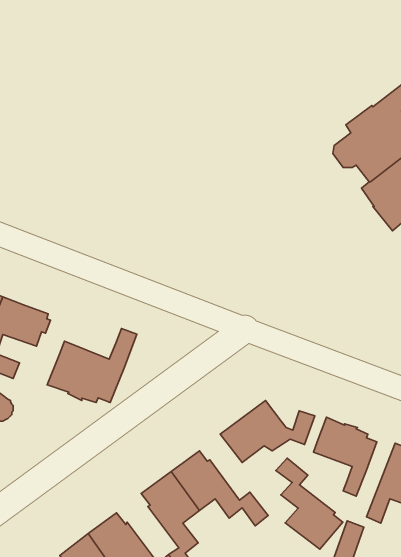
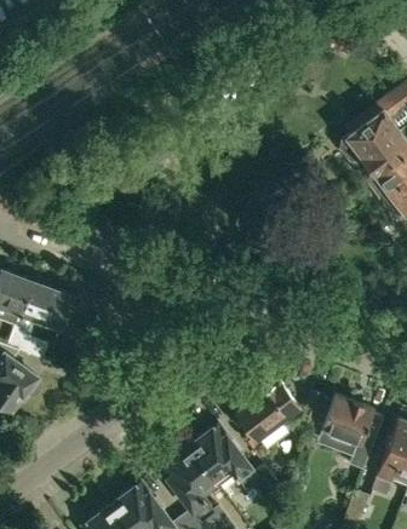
building: [47,329,137,403] -> none
building: [276,458,343,549] -> none

